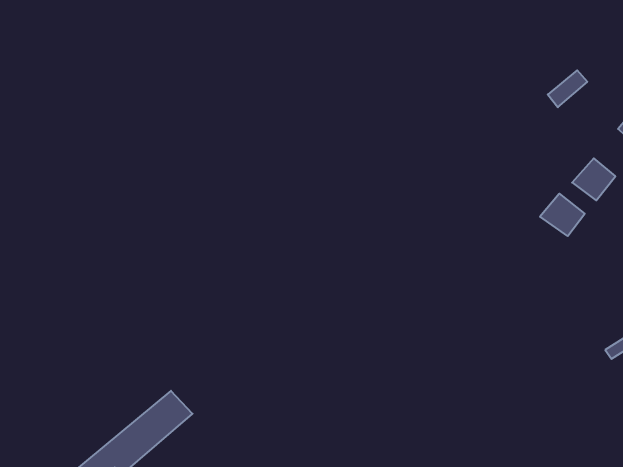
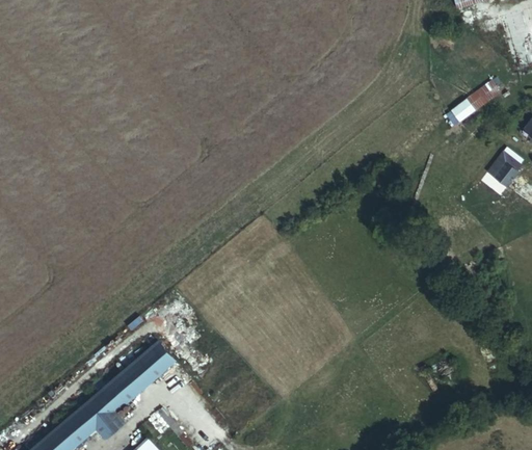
building: [540,194,585,236] -> none

